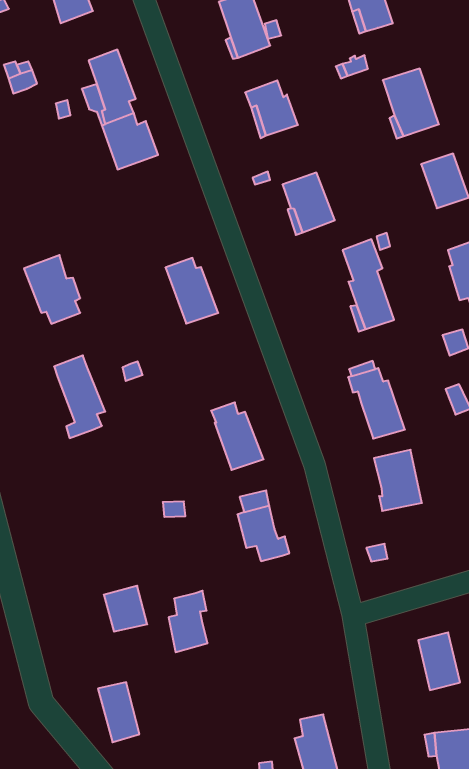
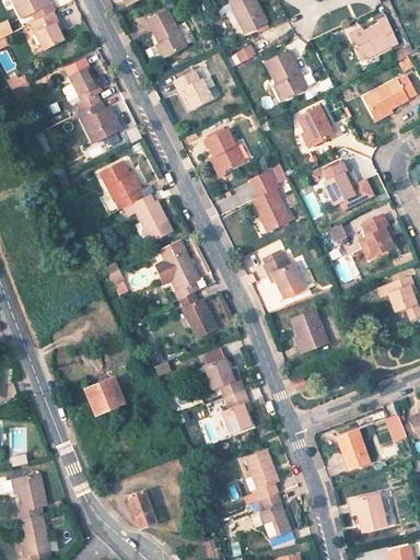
building: [24,255,80,324] -> [103,163,144,210]
building: [54,355,105,438] -> [161,242,199,299]
building: [104,586,147,632] -> [88,380,119,412]
building: [169,591,208,652] -> [221,388,249,432]
building: none -> [253,451,282,500]

